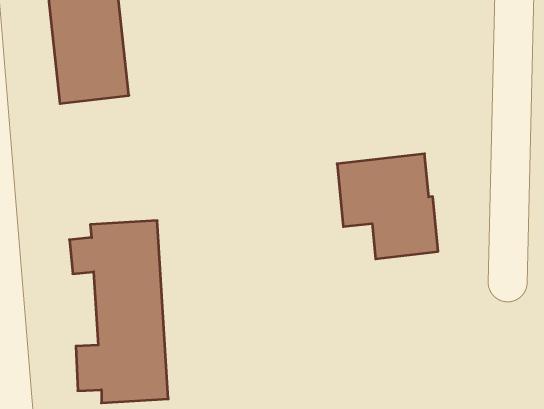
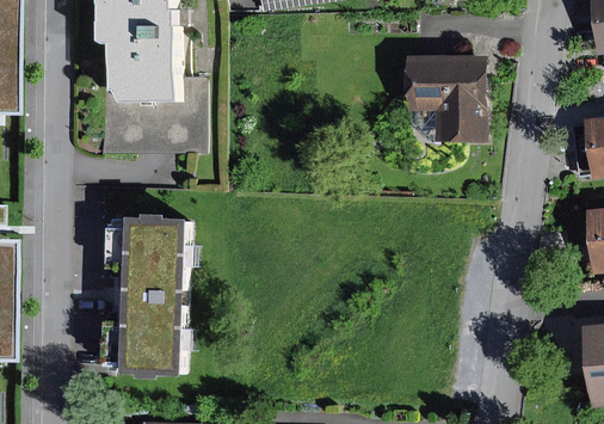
building: [337,154,438,259] -> [406,54,489,145]

